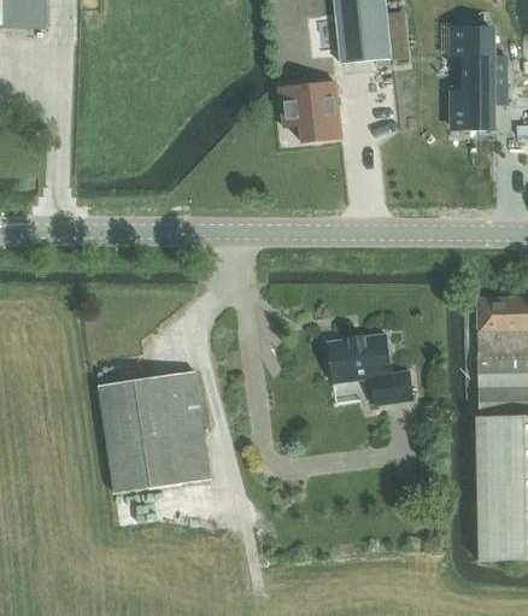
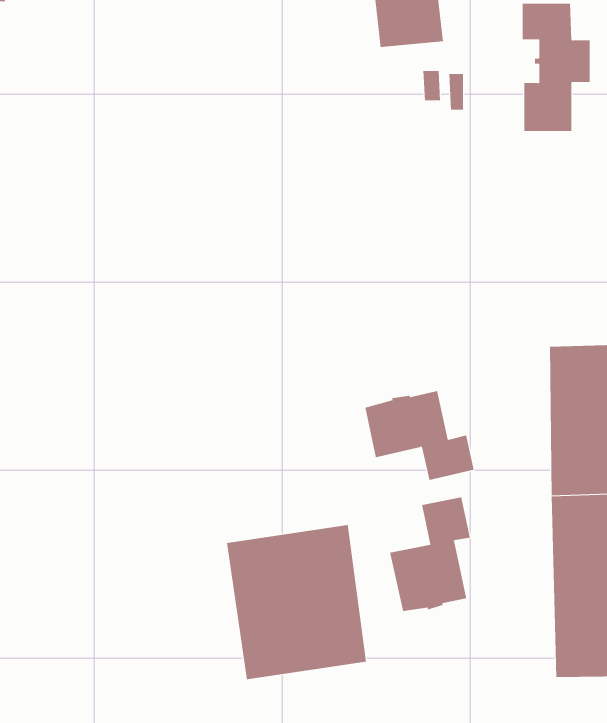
building: [281,82,341,141] -> none
building: [99,370,210,493] -> [226,524,367,680]
building: none -> [390,497,471,612]

